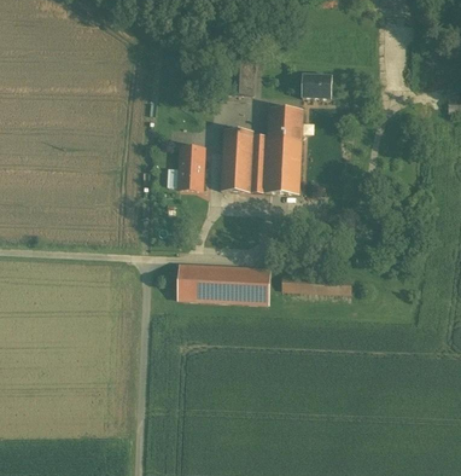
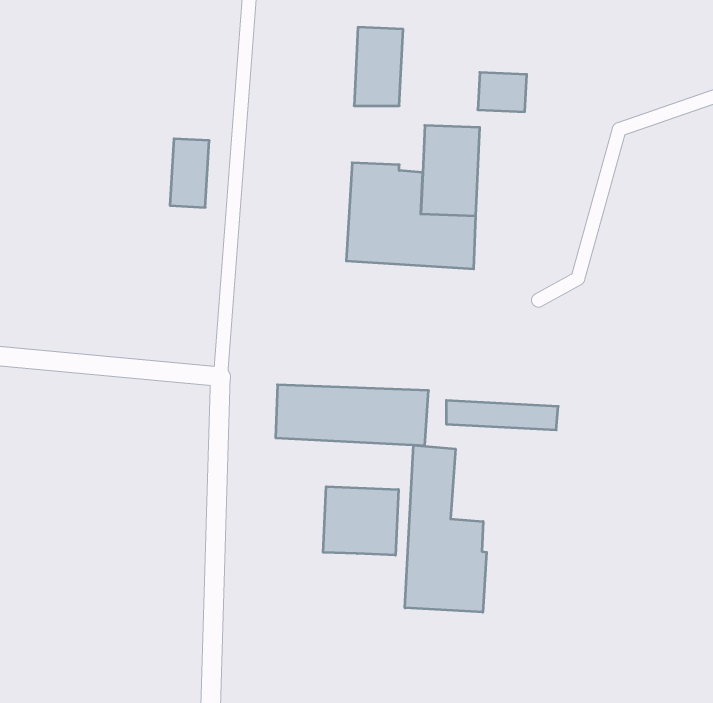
building: [180,147,204,190] -> [170,139,209,207]
building: none -> [405,445,487,612]
building: none -> [323,487,398,555]

